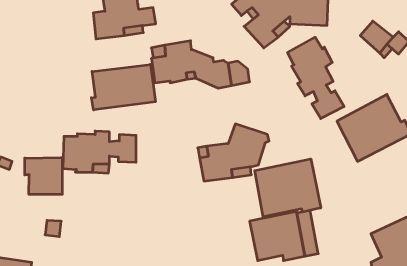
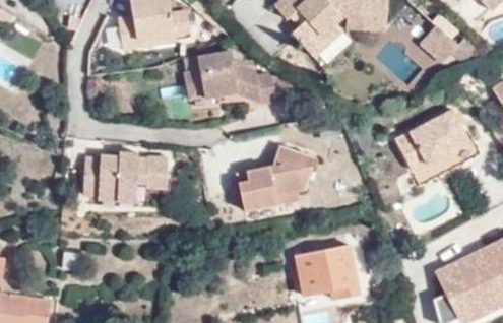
building: [288,37,344,119] -> none
building: [91,64,155,110] -> none
building: [25,157,62,194] -> none
building: [255,159,321,217] -> none

